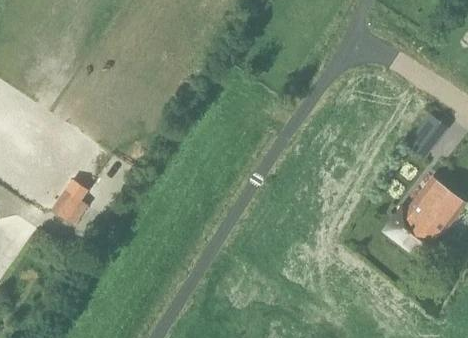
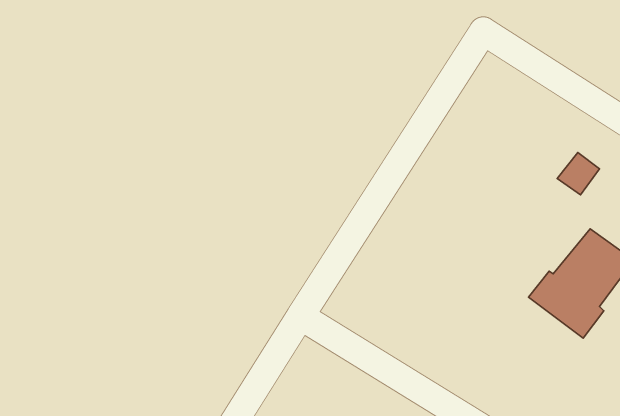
building: [54,181,85,214] -> none

